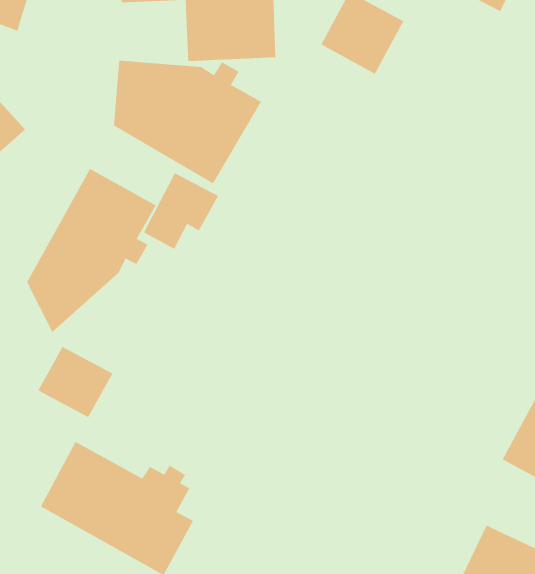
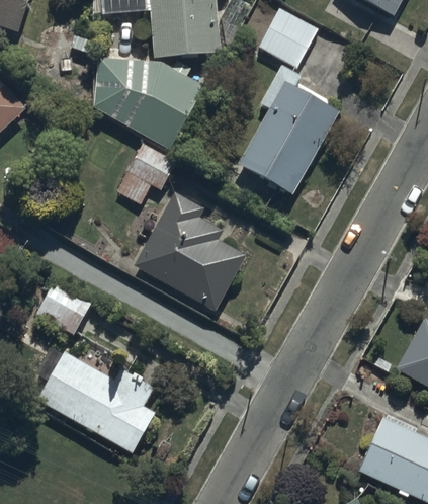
building: none -> [237,65,337,196]
building: [26,168,156,333] -> none
building: none -> [133,193,245,313]

